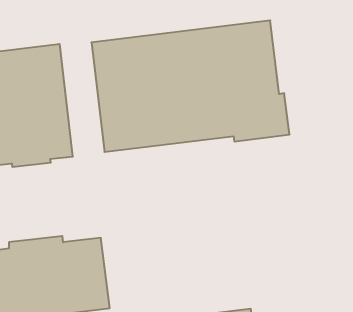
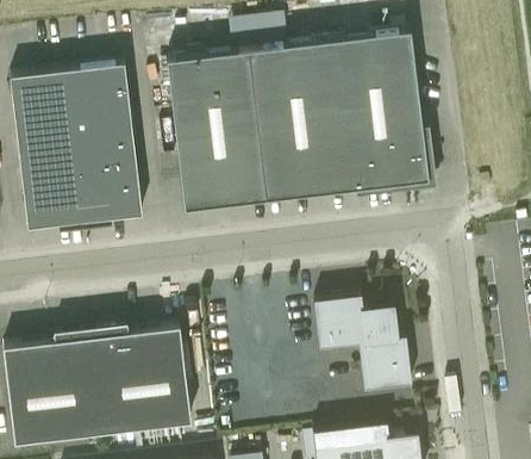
building: none -> [314,297,412,391]

